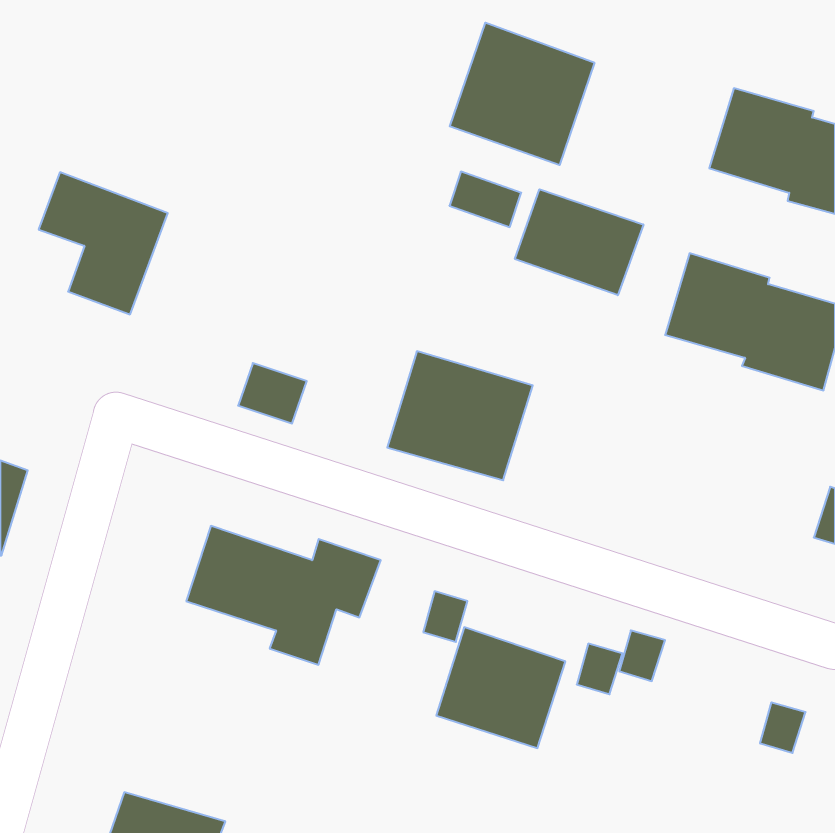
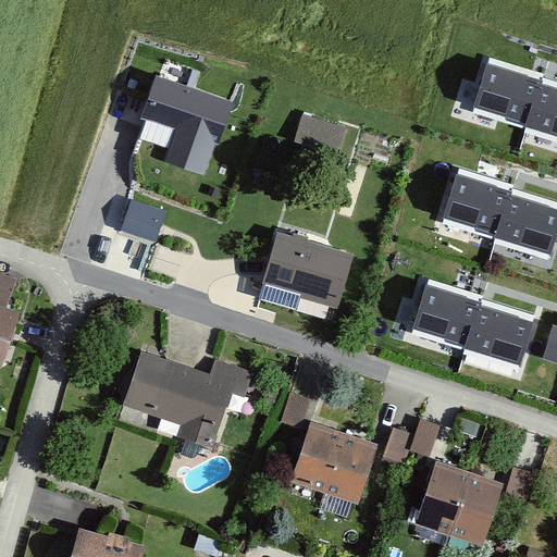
building: [450,23,594,165] -> none
building: [39,172,168,314] -> [144,82,230,176]
building: [515,189,643,295] -> none
building: [238,363,307,424] -> [120,199,165,239]
building: none -> [411,281,534,372]
building: none -> [413,458,499,541]

